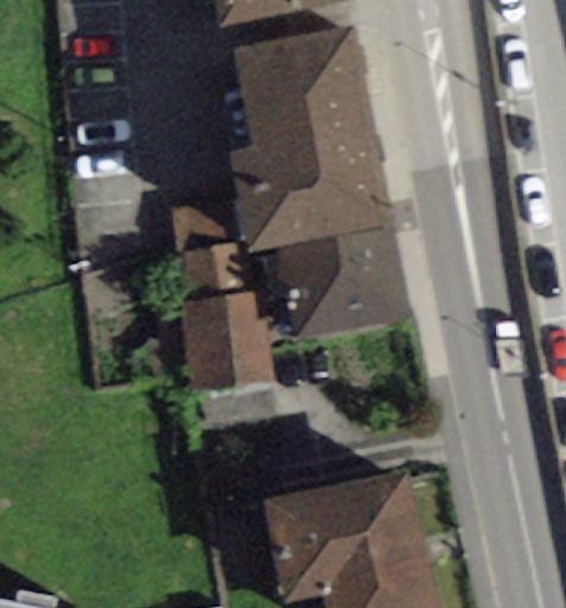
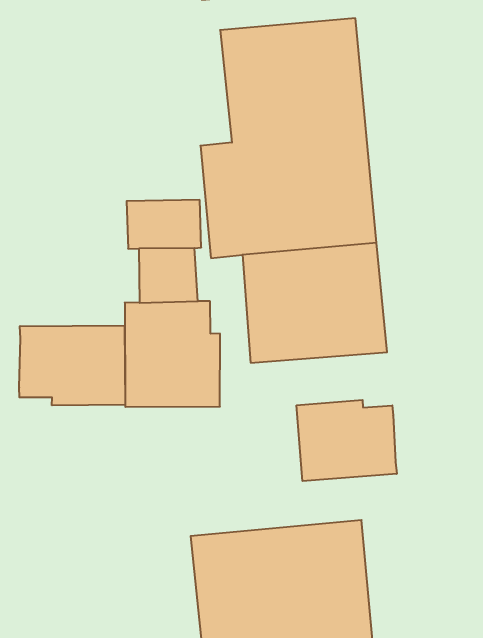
building: none -> [19,326,125,405]
building: none -> [297,400,397,481]

